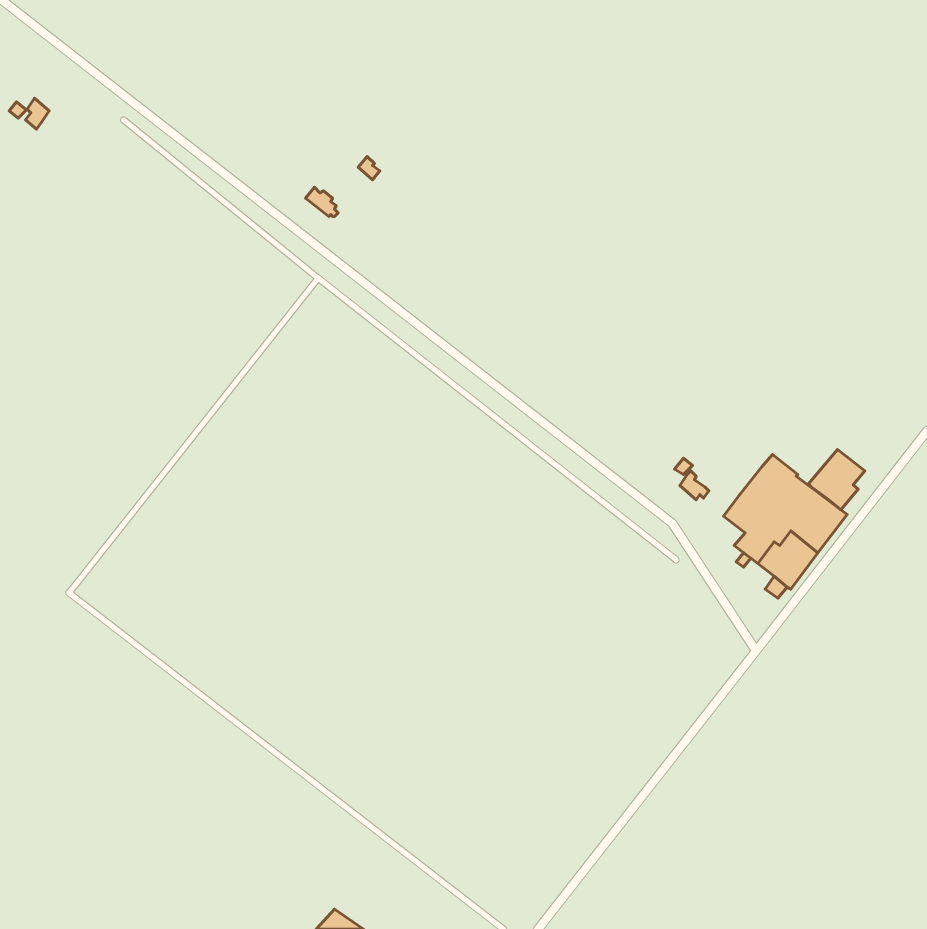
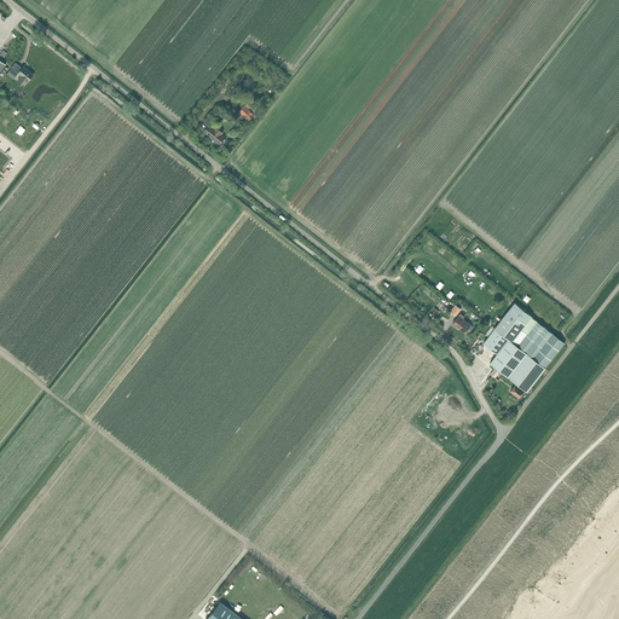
building: [809,449,865,510] -> none

